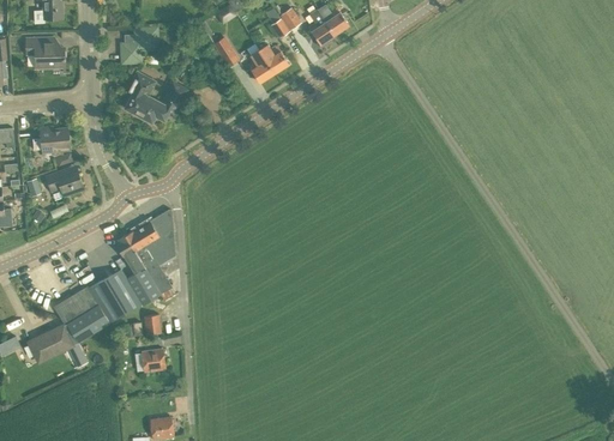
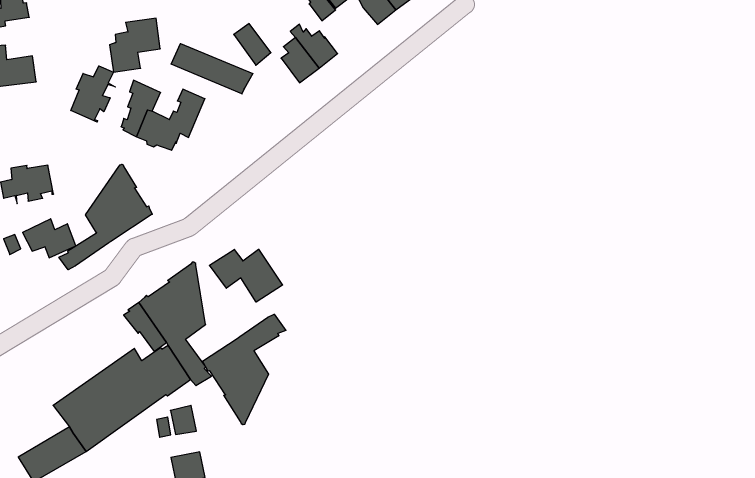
building: none -> [171,44,253,94]
building: none -> [71,66,115,122]
building: none -> [59,164,152,270]
building: none -> [209,249,283,302]
building: none -> [203,314,286,425]

